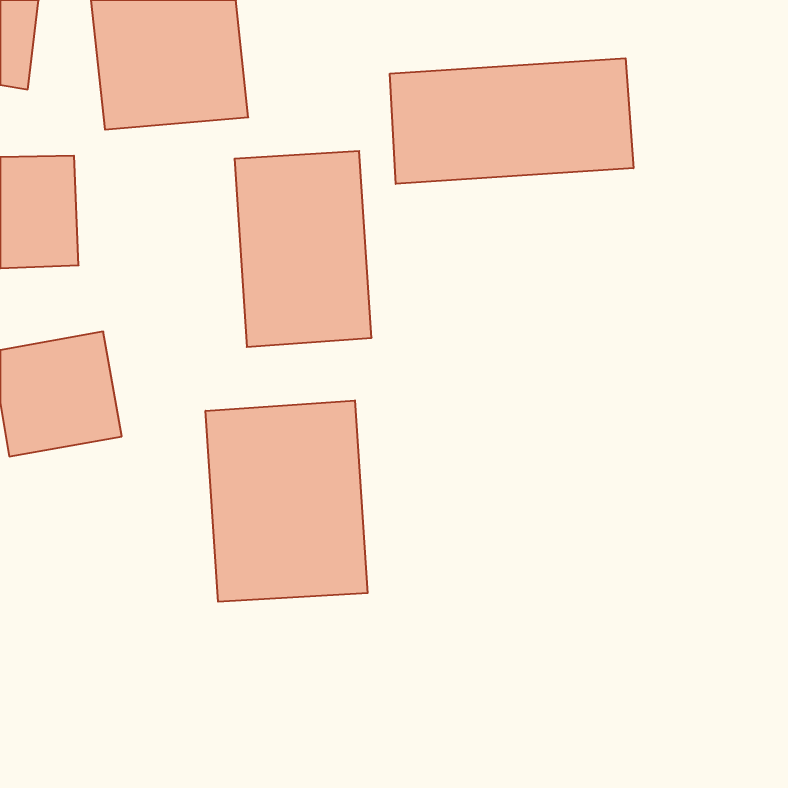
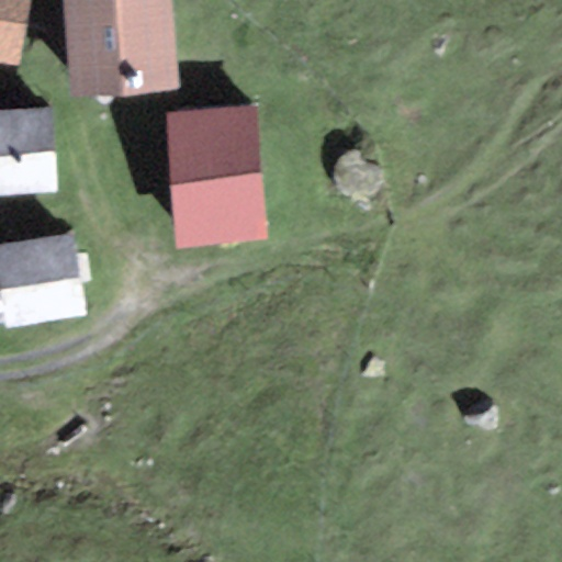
building: [390,58,633,184] -> none
building: [206,400,368,602] -> none

